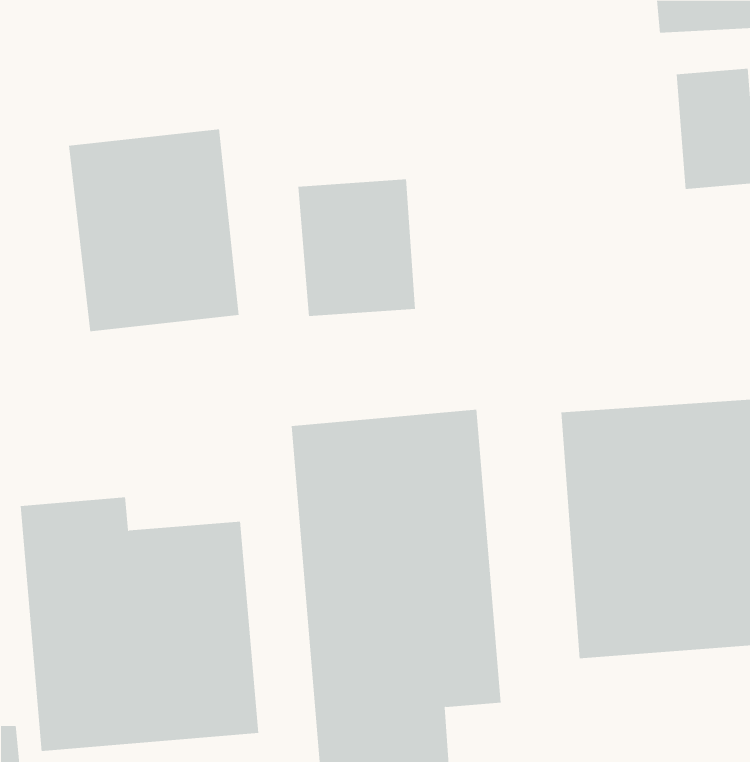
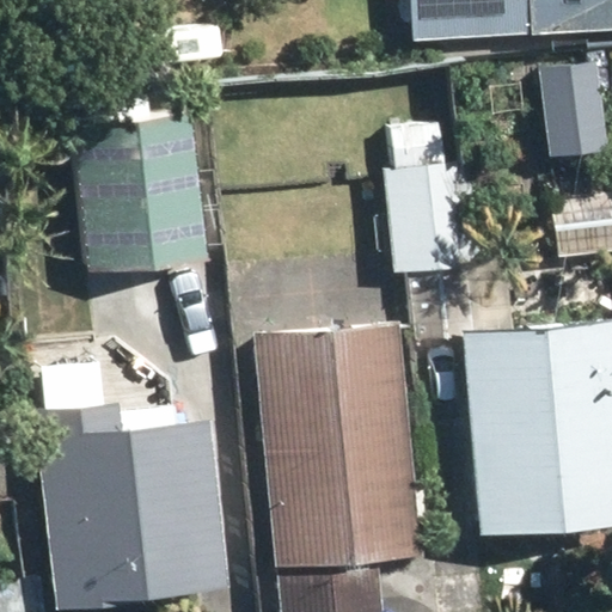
building: [298,179,416,317] -> [386,166,479,275]

